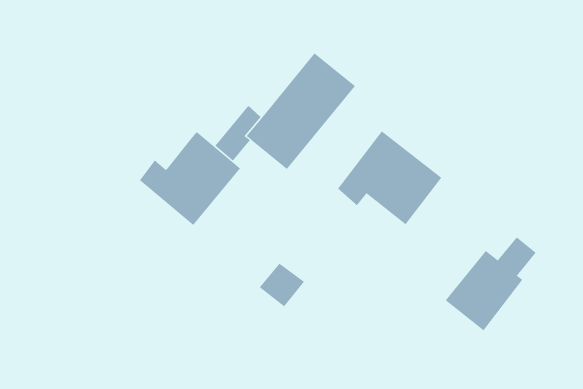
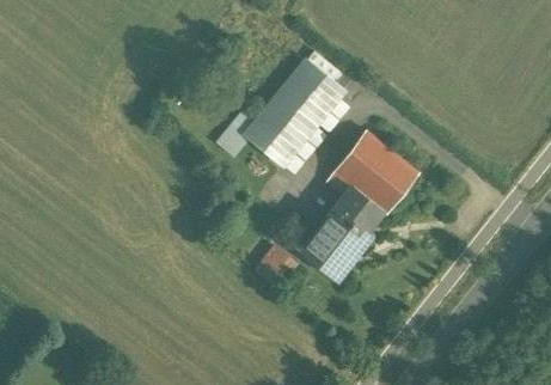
building: [139,131,241,226] -> none
building: [445,237,537,331] -> [302,197,384,281]

